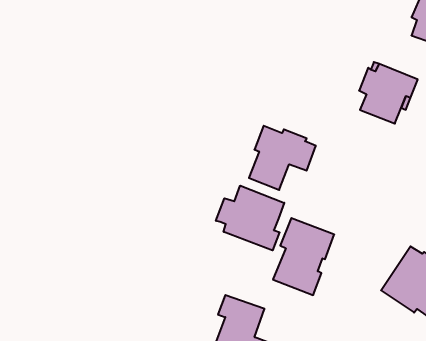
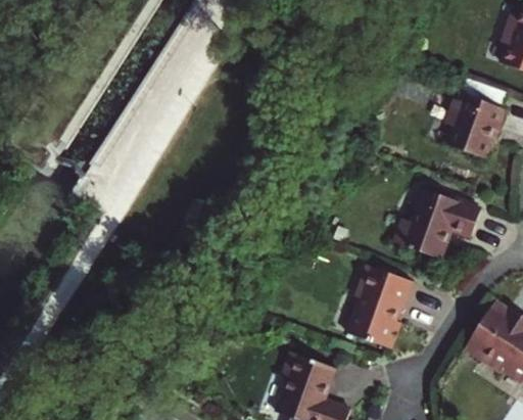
building: [249,126,316,190] -> [409,190,483,262]
building: [216,186,284,250] -> none

